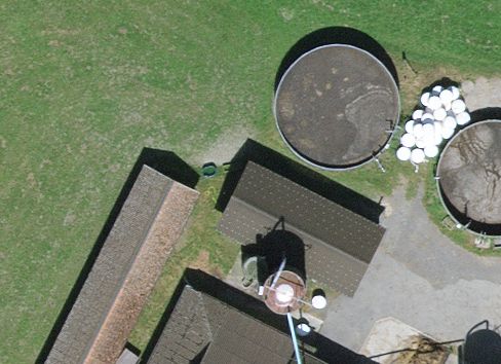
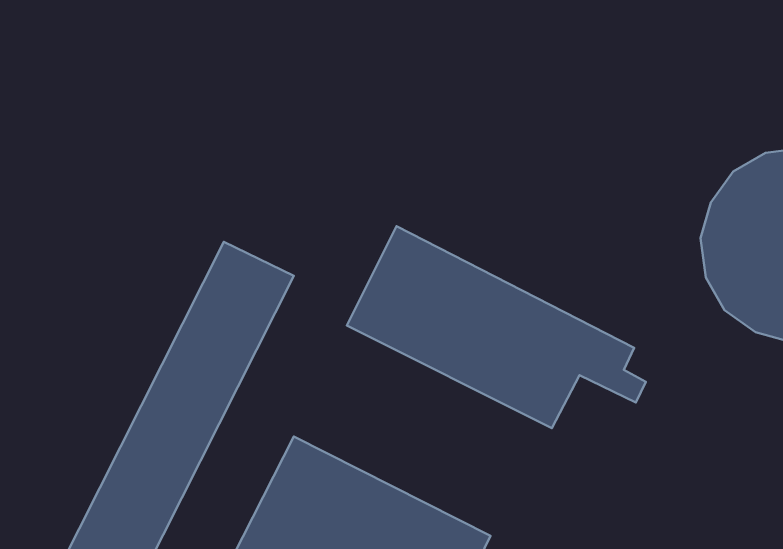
building: [276,42,398,165] -> none

